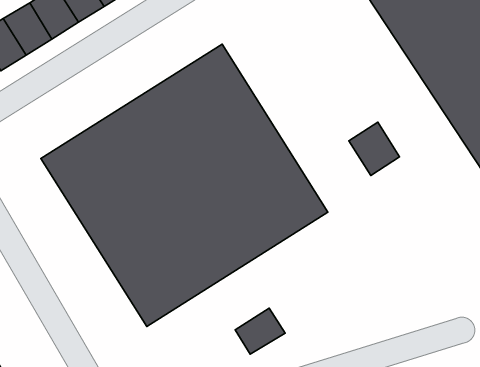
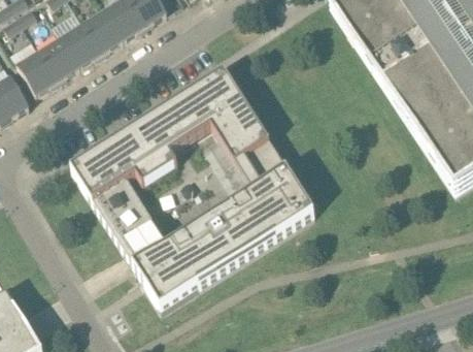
building: [349,122,400,175] -> none
building: [235,308,285,354] -> none

